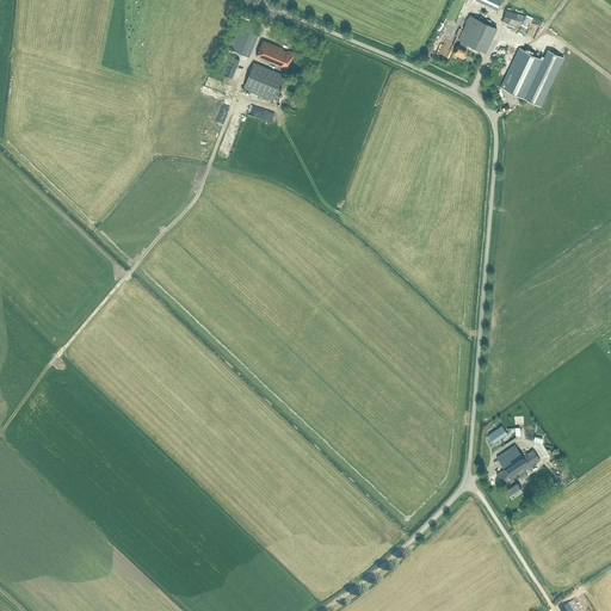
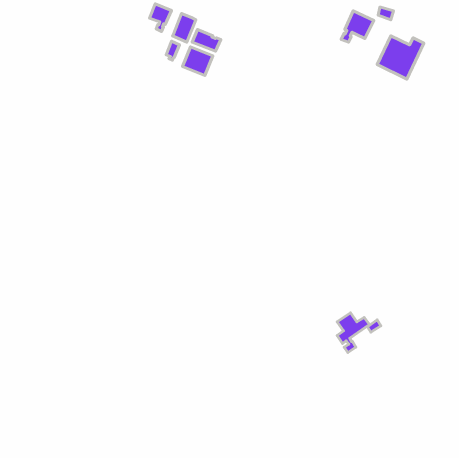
building: none -> [150,4,171,32]
building: [496,445,539,498] -> [337,313,369,352]

